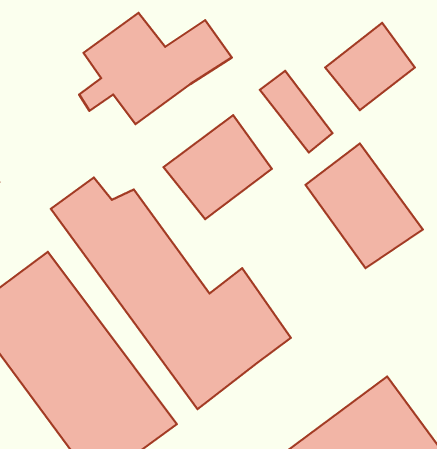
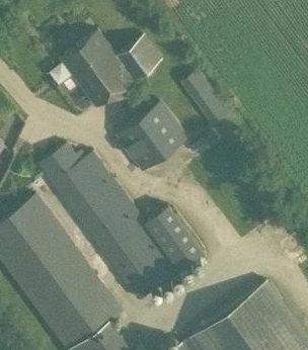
building: [325,23,415,110] -> none
building: [305,143,423,268] -> none

